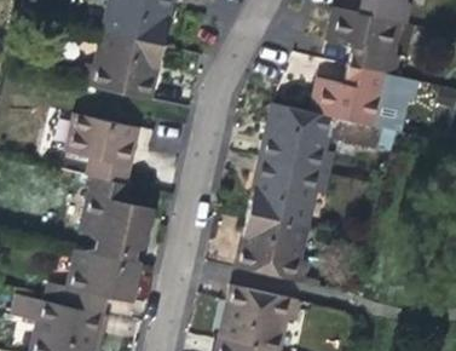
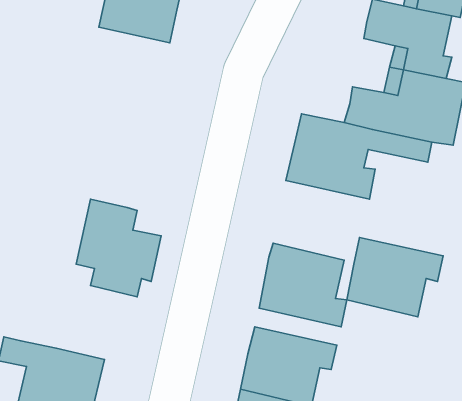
building: [79,29,160,97] -> none
building: [65,115,137,183] -> none
building: [248,160,330,228] -> [347,237,443,317]
building: [63,246,140,312] -> none

